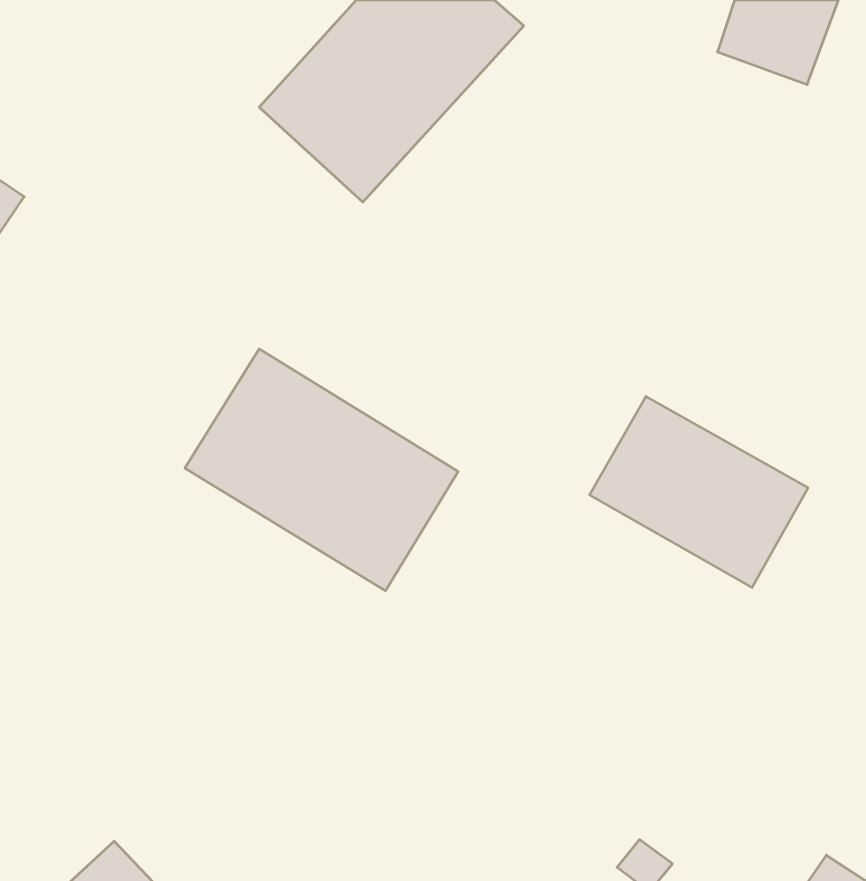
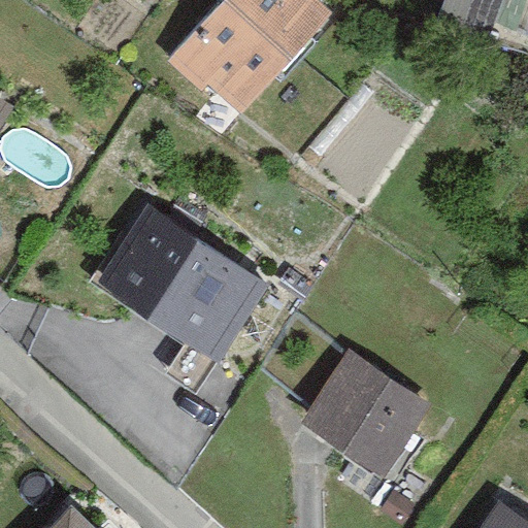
building: [590,396,808,587] -> none
building: none -> [304,355,428,475]

